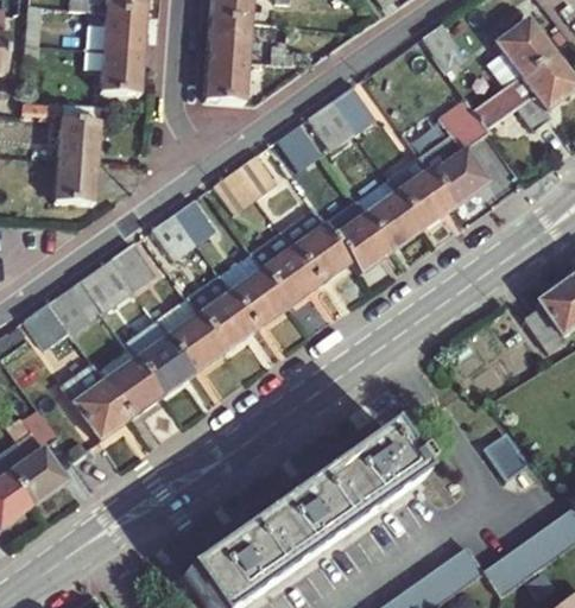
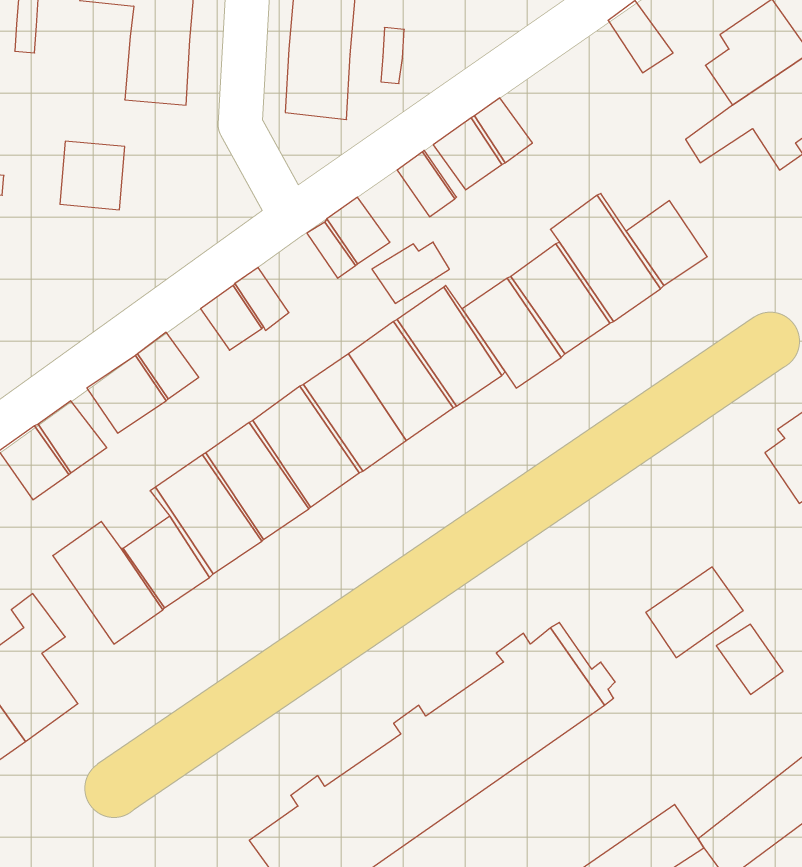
building: [435,99,485,152] -> none
building: [56,154,99,198] -> none
building: none -> [646,567,743,658]

